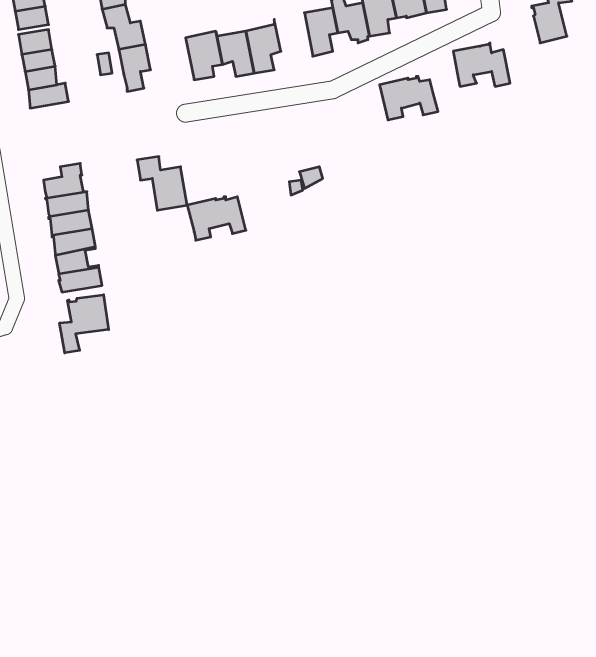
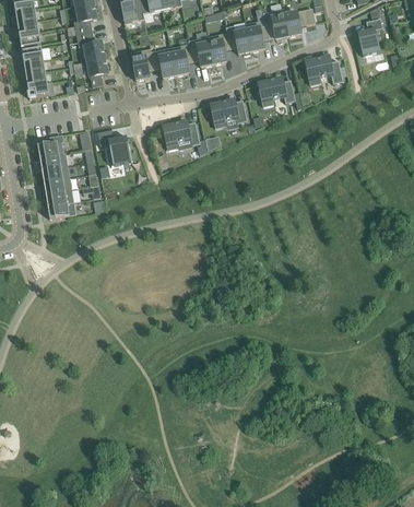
building: none -> [189,36,214,67]
building: none -> [211,99,248,128]
building: [187,197,246,240] -> [163,121,201,150]
building: [60,295,109,353] -> none

